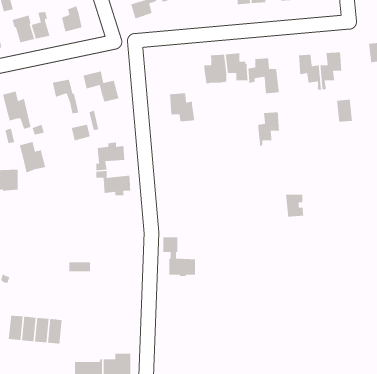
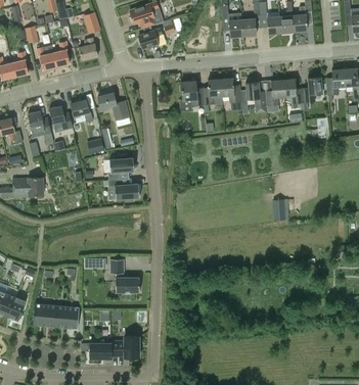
building: none -> [326,69,346,102]
building: [169,92,195,122] -> [181,81,204,106]
building: [257,111,280,147] -> [265,80,284,110]
building: [19,141,46,173] -> [49,105,73,133]
building: [163,236,196,277] -> [110,258,139,293]

